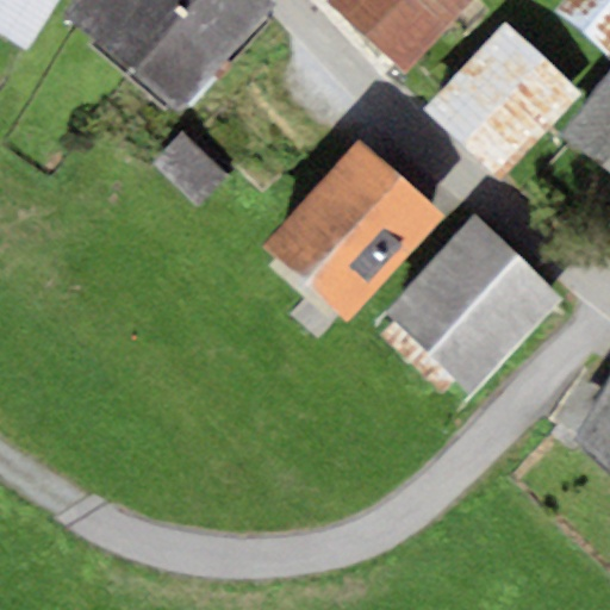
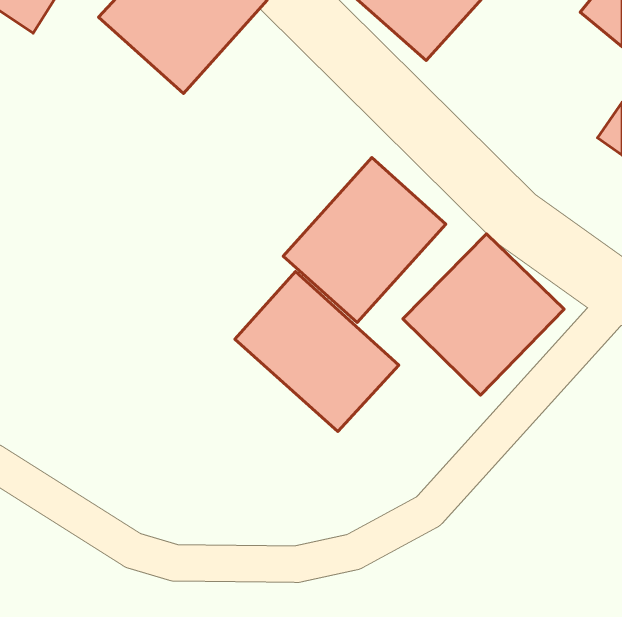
building: [436,27,571,164] -> none
building: none -> [235,272,399,431]

